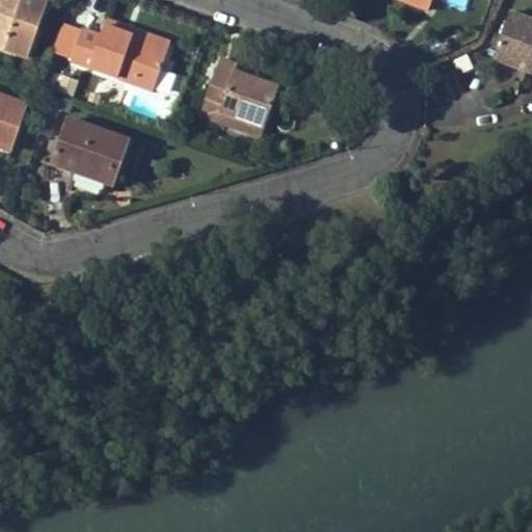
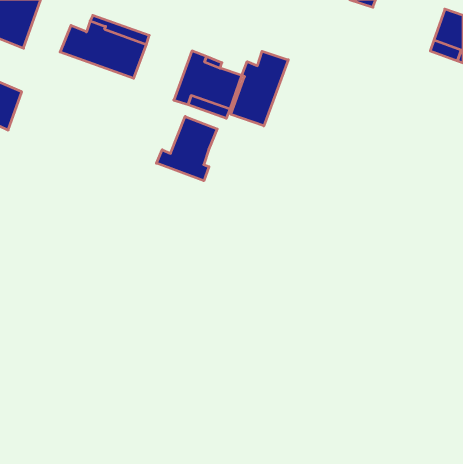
building: none -> [231,51,288,126]
building: [50,117,129,184] -> none
building: none -> [156,116,217,181]

